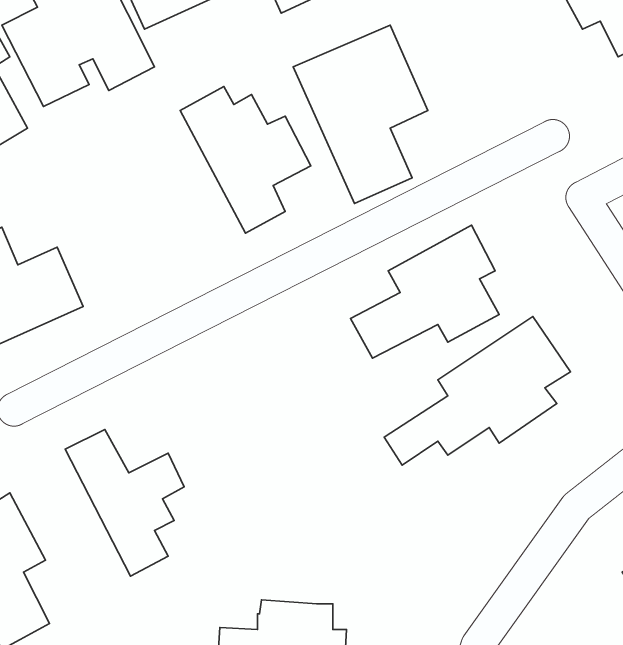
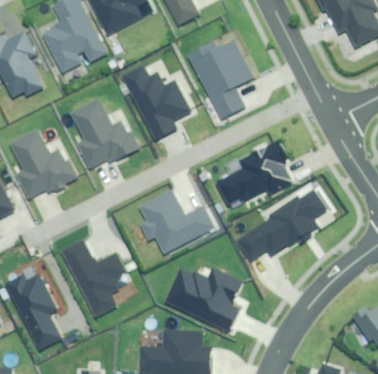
building: none -> [62,100,141,179]
building: none -> [135,190,211,256]
building: none -> [169,268,242,330]

